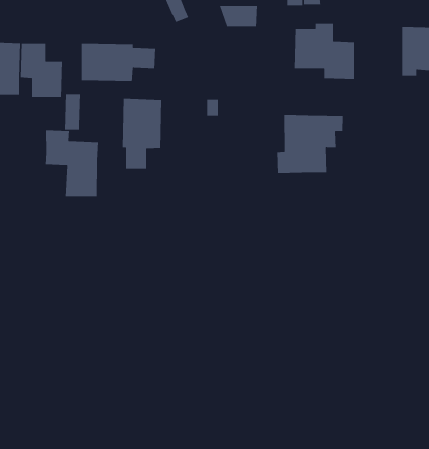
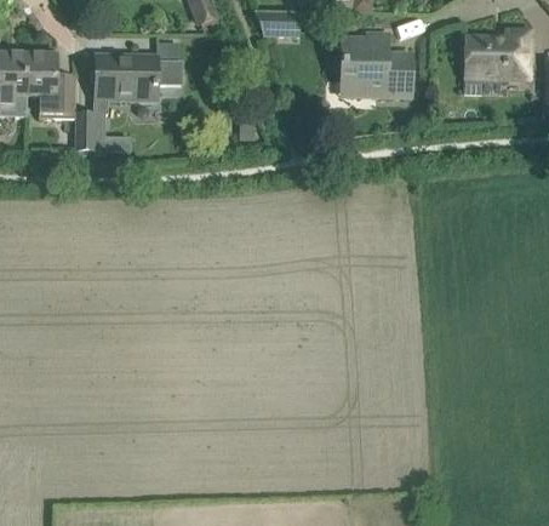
building: [122,98,162,169] -> none
building: [276,114,344,174] -> none
building: [45,130,99,197] -> none

